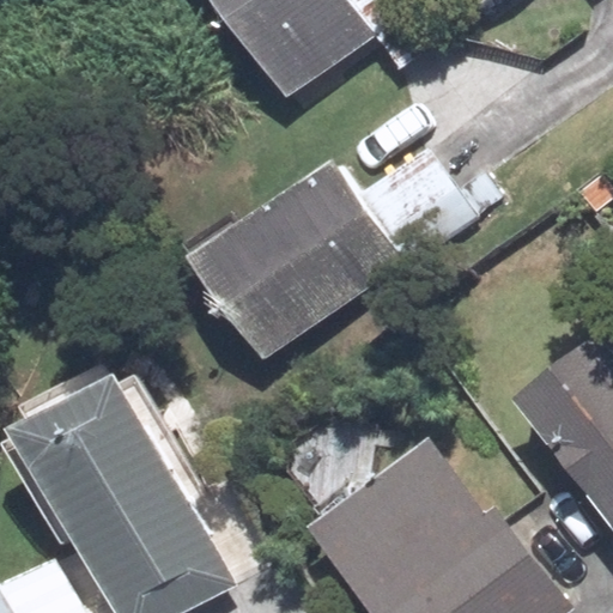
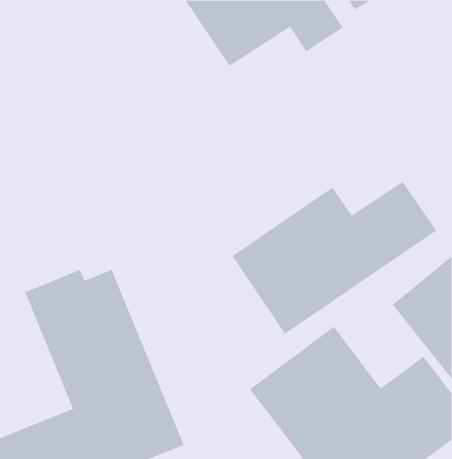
building: [196,157,466,358] -> [232,181,437,335]

